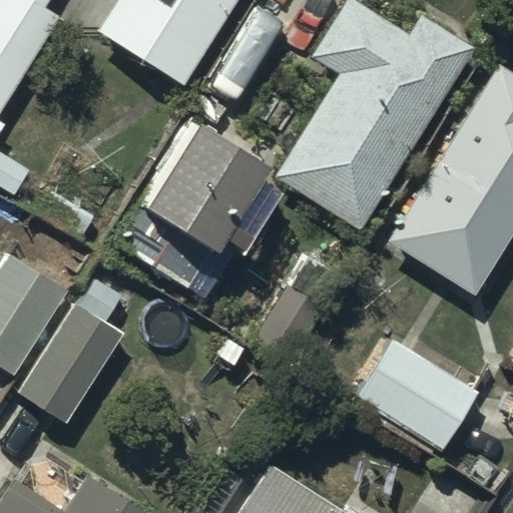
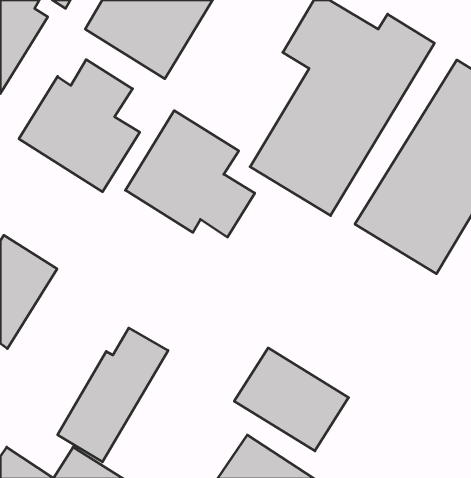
building: none -> [19,60,140,192]
building: [21,278,139,421] -> [58,328,168,462]
building: [356,339,478,449] -> [234,348,349,451]

